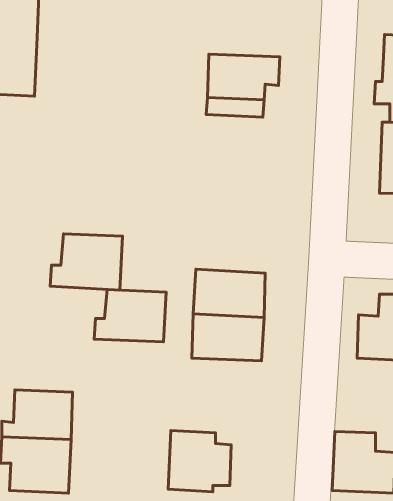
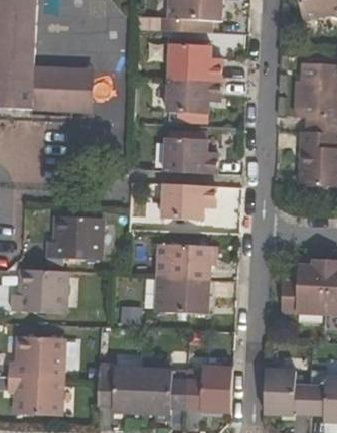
building: none -> [167,43,222,80]
building: none -> [33,64,95,112]
building: none -> [163,136,218,173]
building: none -> [161,183,216,220]
building: [94,290,166,342] -> [11,271,66,311]
building: none -> [97,366,138,412]
building: none -> [183,366,230,411]

